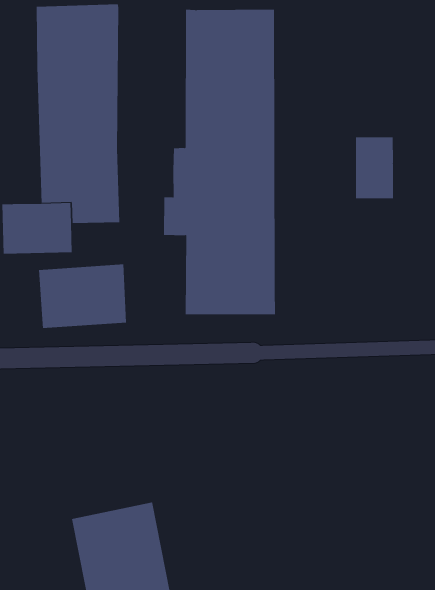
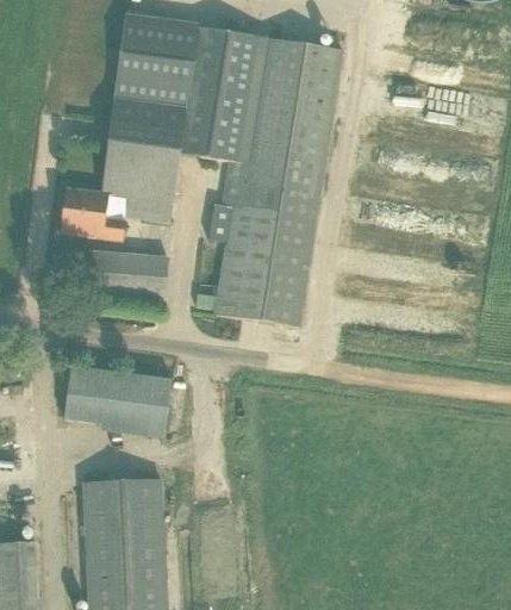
building: none -> [179,26,260,162]
building: [355,136,394,199] -> none
building: none -> [63,366,172,430]

